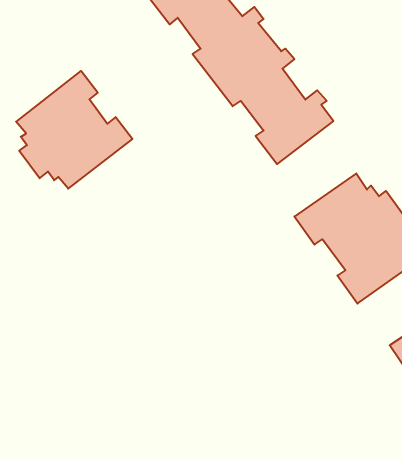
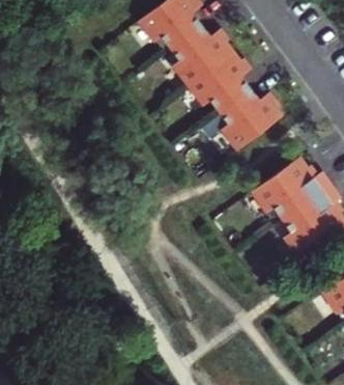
building: [16,71,132,189] -> none

